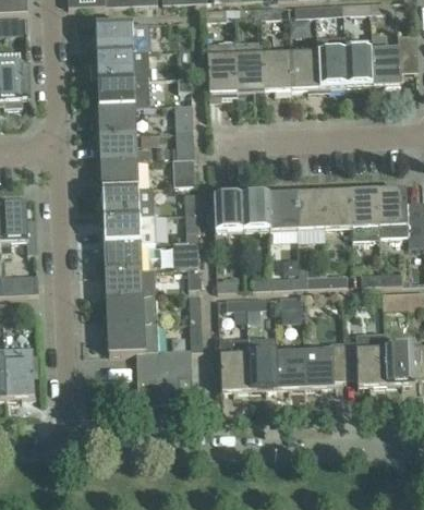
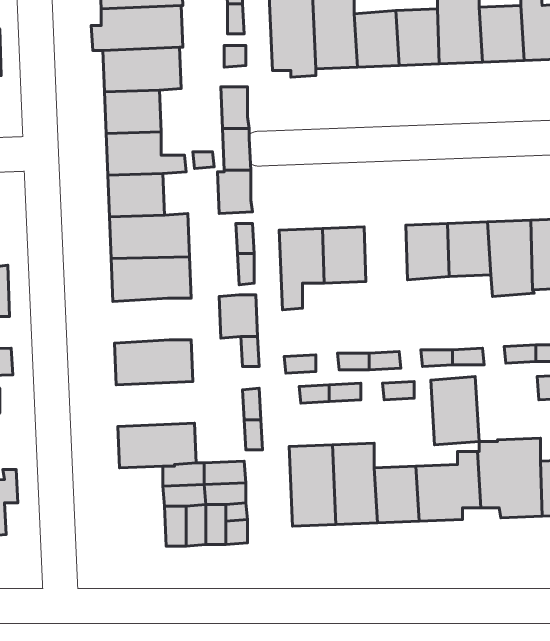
building: [268,194,296,231] -> none
building: [104,242,141,271] -> none
building: none -> [431,377,479,445]
building: [106,296,157,326] -> none

